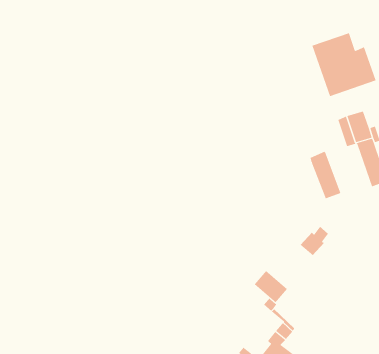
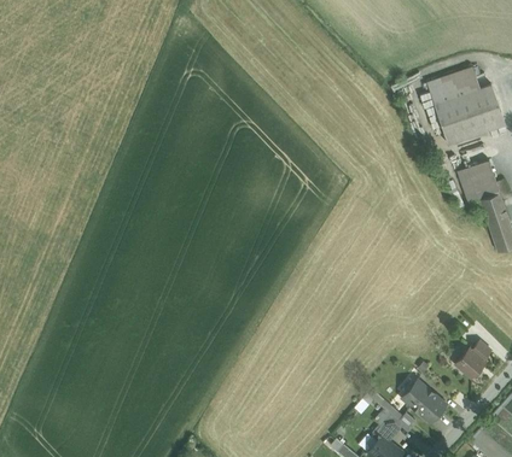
building: [310,151,341,199] -> none
building: [300,226,329,256] -> [456,341,491,377]
building: [254,270,288,303] -> [405,382,446,422]

